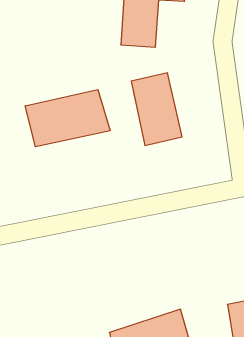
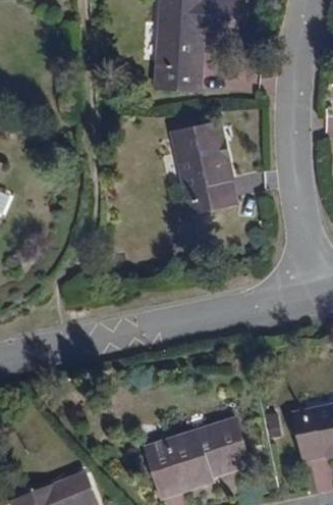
building: [25,90,110,147] -> none

